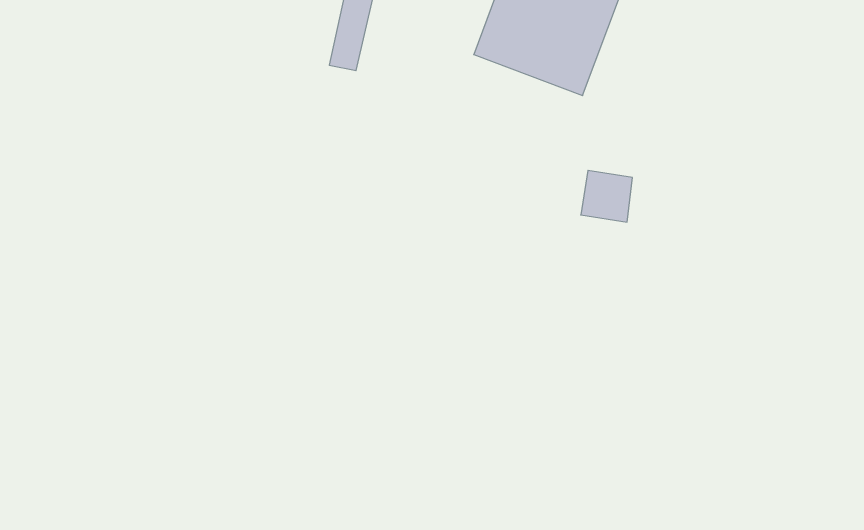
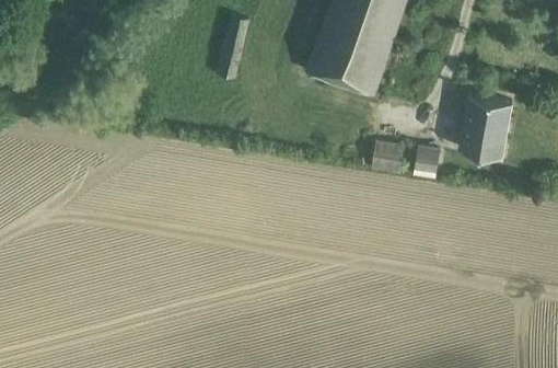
building: none -> [460,95,510,157]
building: none -> [414,147,441,177]

